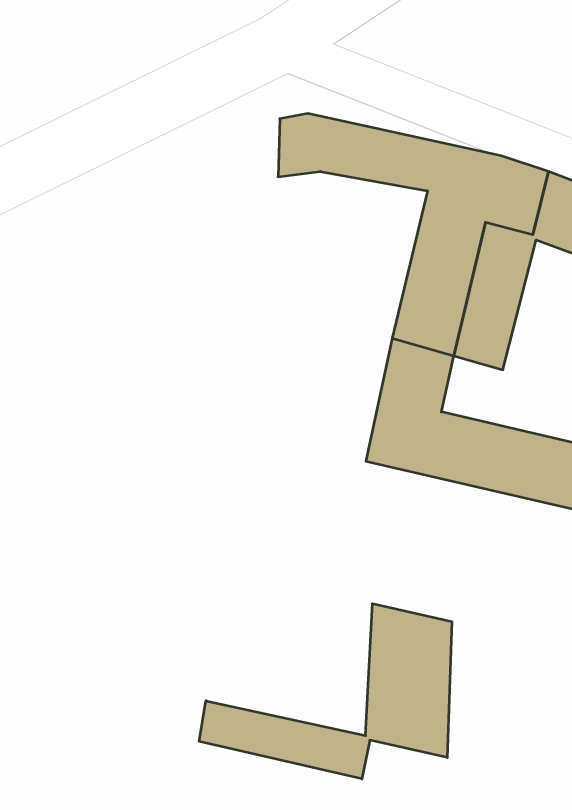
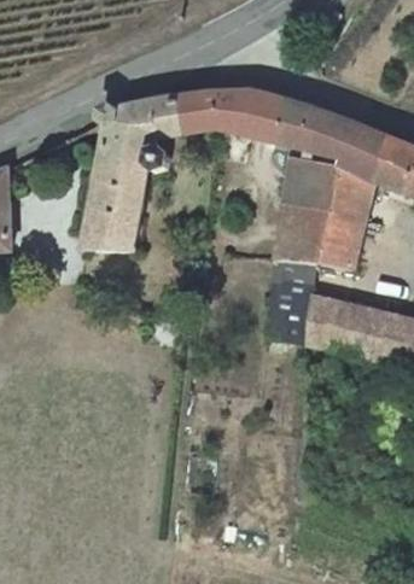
building: none -> [82,94,199,245]
building: [199,604,452,779] -> none

